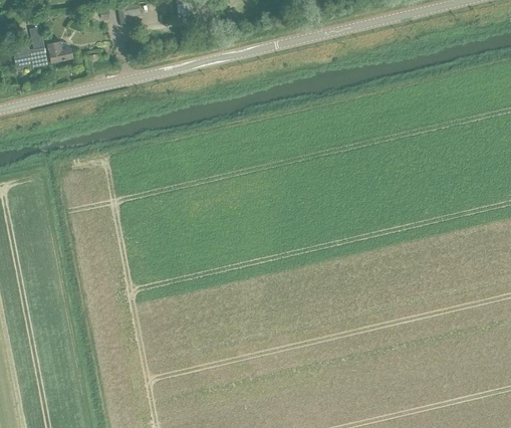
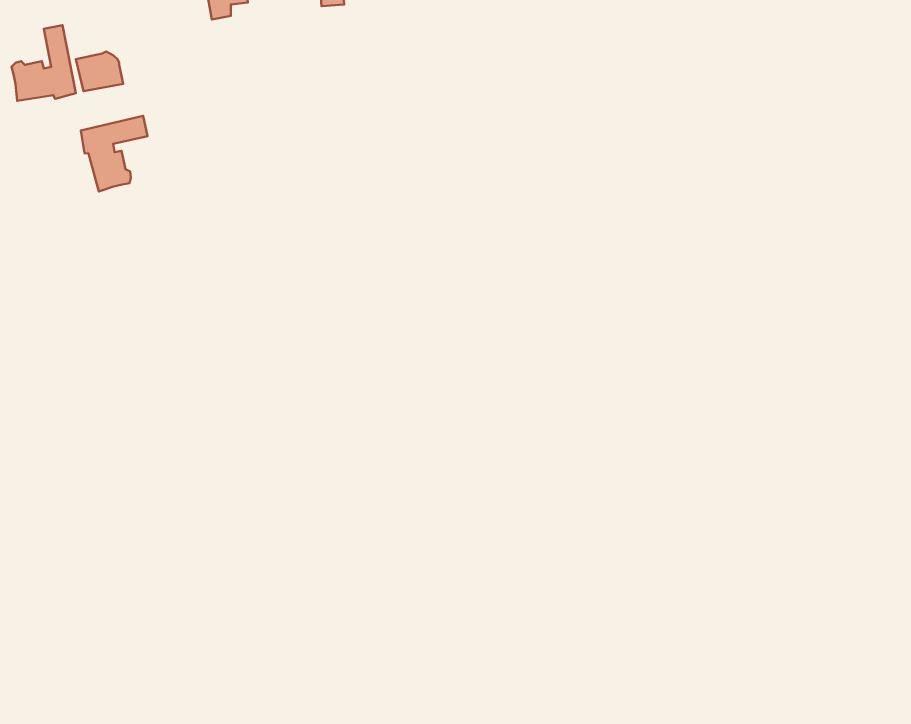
building: none -> [81,116,148,191]

